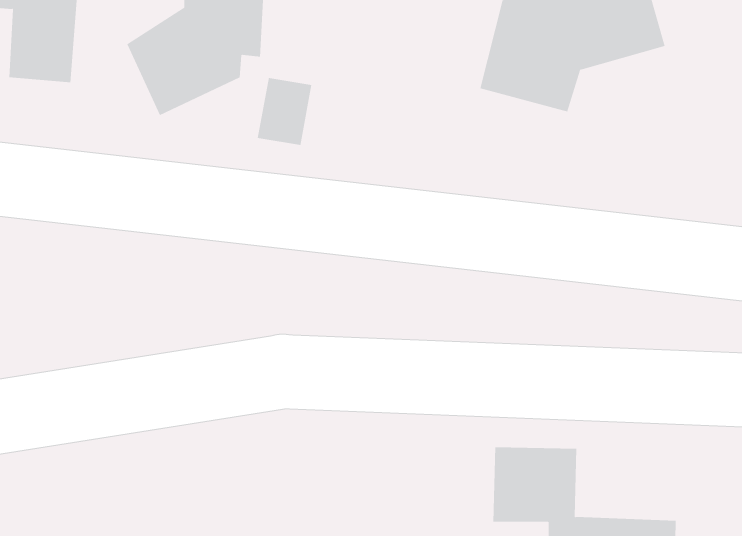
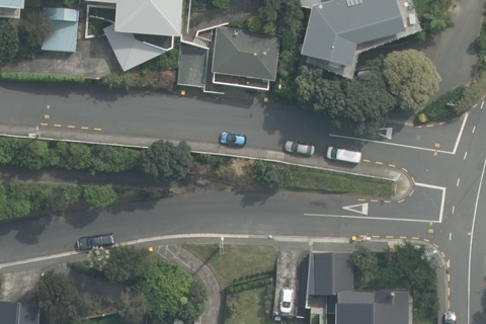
building: none -> [211,26,281,89]

